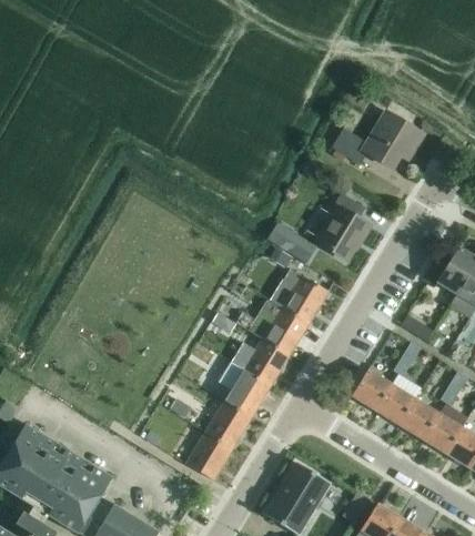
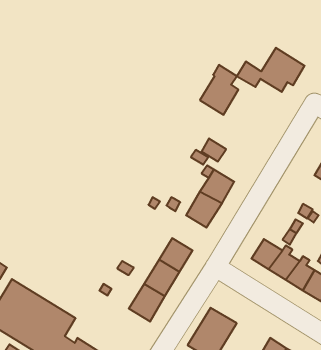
building: [315,192,367,260] -> [200,65,238,115]
building: [243,336,290,384] -> none

